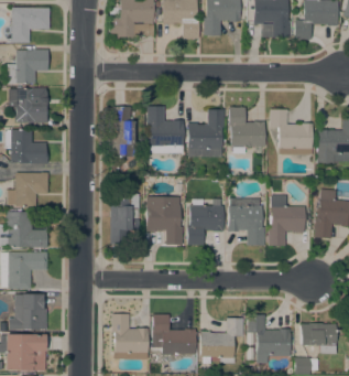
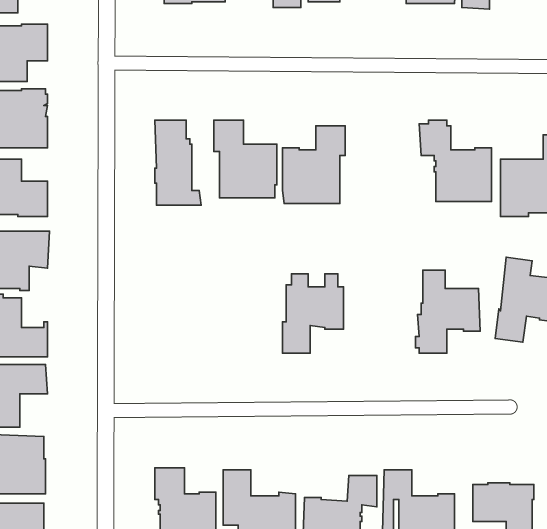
building: [228,106,265,153] -> none
building: [110,193,139,244] -> none
building: [145,196,183,245] -> none
building: [228,198,264,245] -> none

